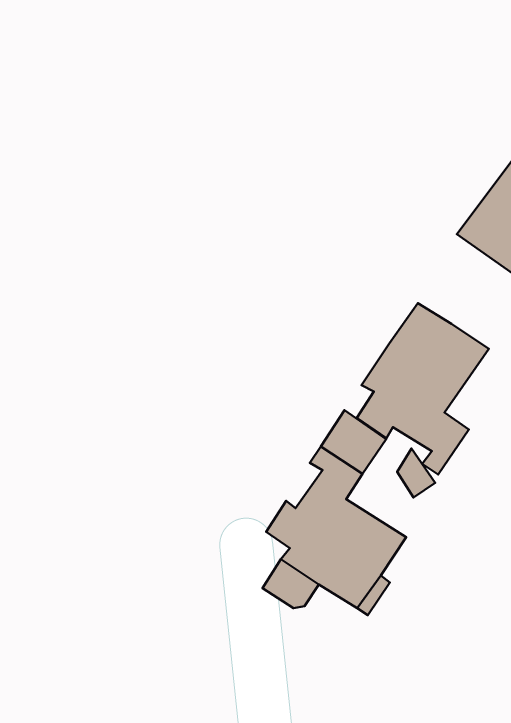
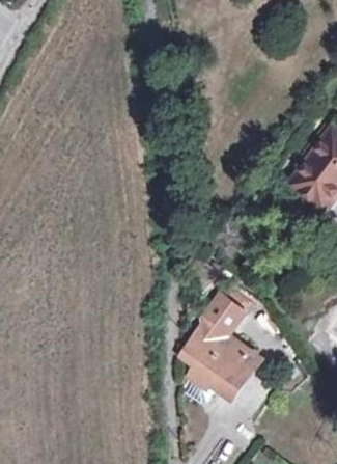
building: [357,303,489,475] -> none

